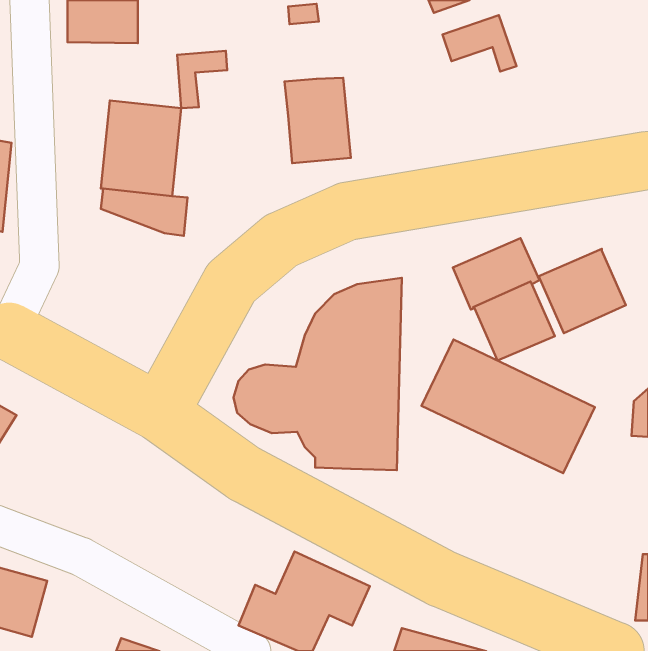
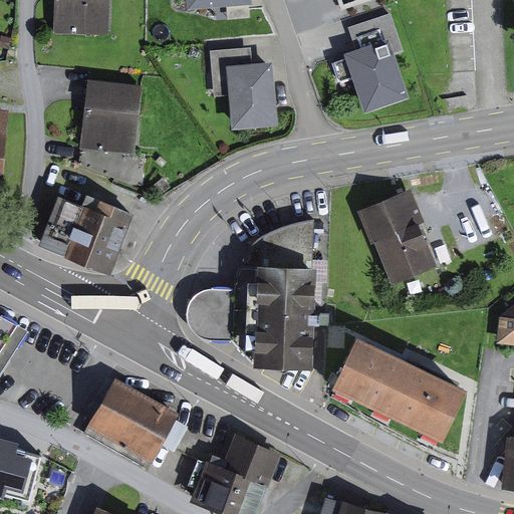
building: none -> [333,37,408,111]
building: [177,51,227,108] -> [210,47,249,92]
building: none -> [38,194,133,269]
building: [539,249,626,333] -> none
building: [421,340,595,473] -> [326,336,463,442]
building: none -> [81,380,175,466]

